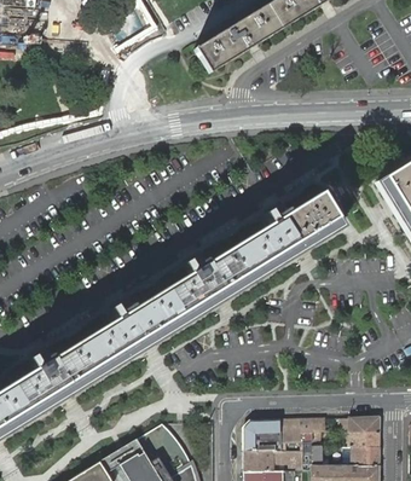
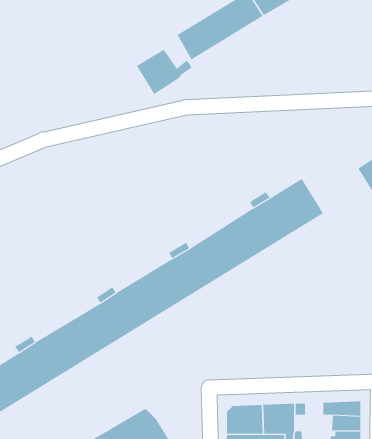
building: none -> [136,49,192,95]

